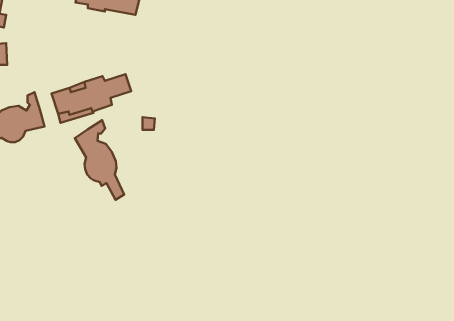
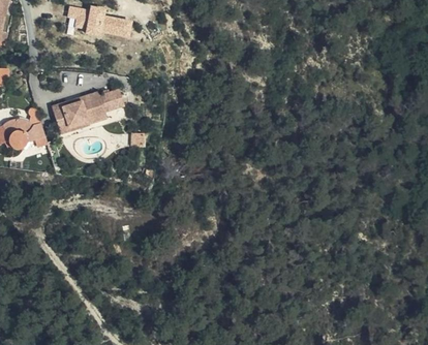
building: [75,120,124,200] -> none

